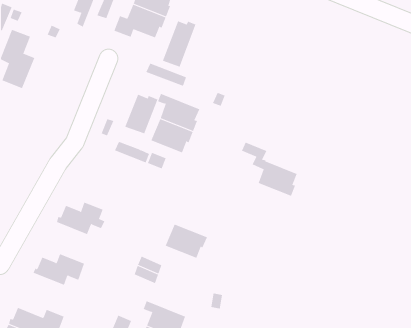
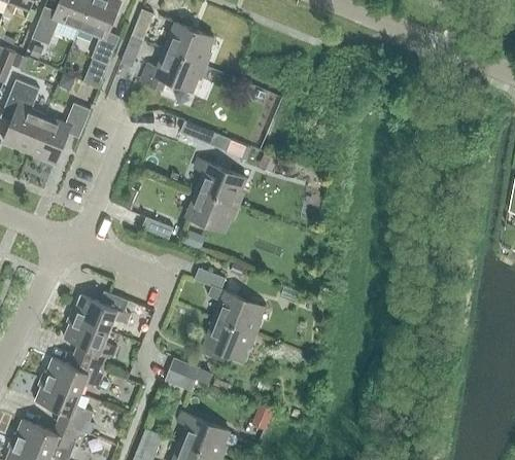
building: [162,20,196,67] -> none
building: none -> [29,103,91,164]
building: [125,94,158,134] -> none
building: [241,142,297,197] -> [194,268,263,334]
building: none -> [64,316,116,366]
building: none -> [35,378,94,434]

